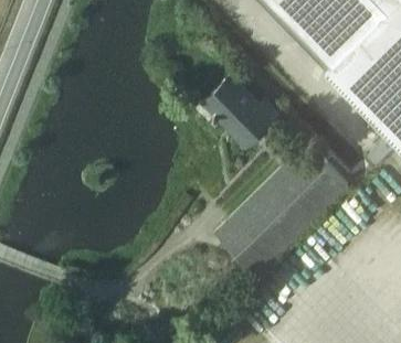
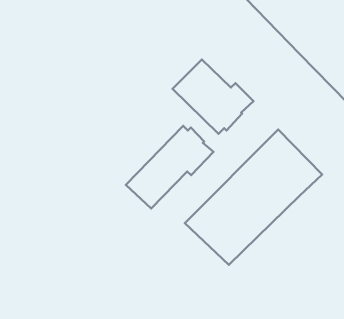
building: none -> [126,126,214,208]

